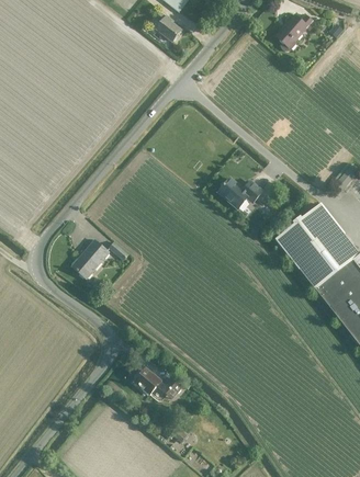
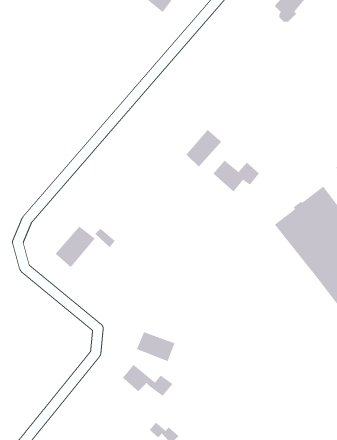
building: none -> [185,129,222,167]
building: none -> [136,331,175,362]

